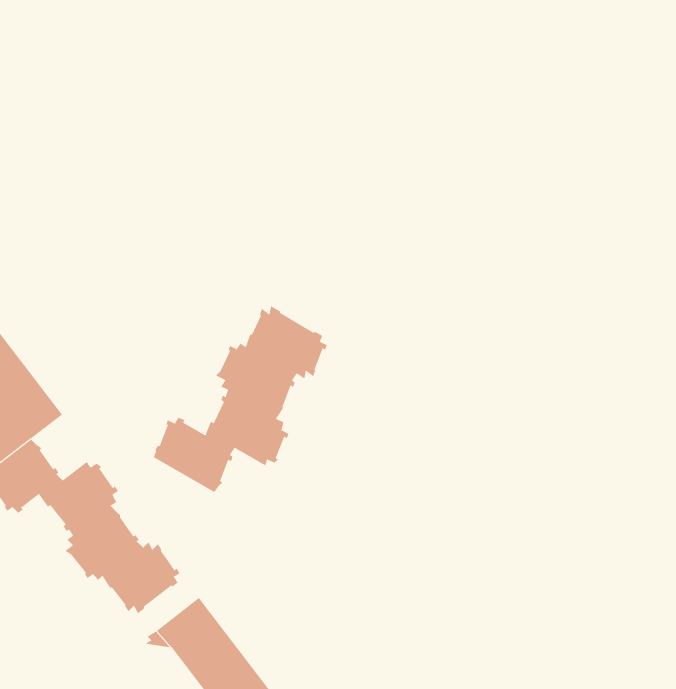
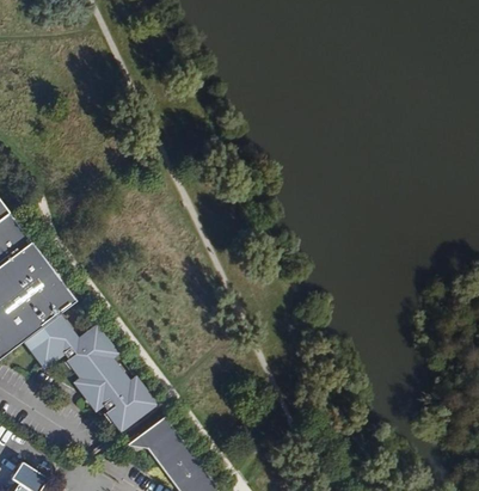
building: [153,305,327,493] -> none

